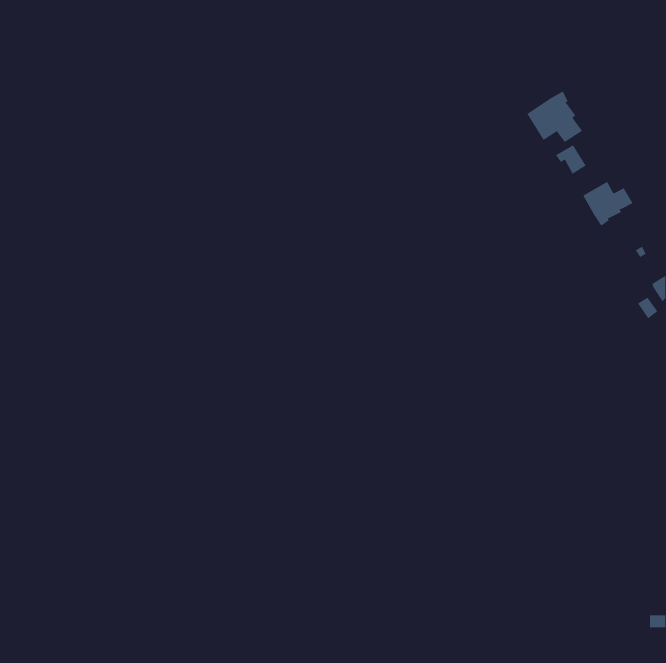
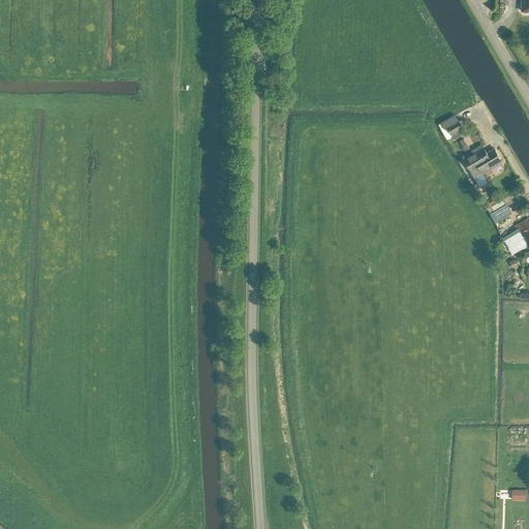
building: [526,91,583,143] -> none

